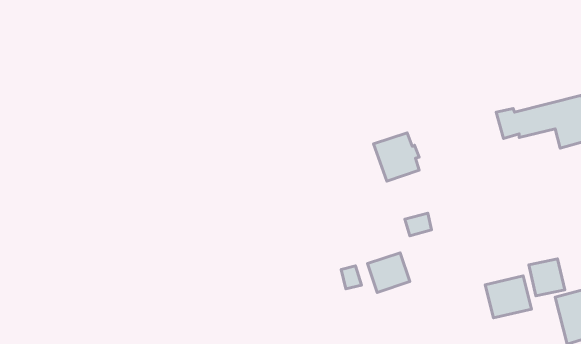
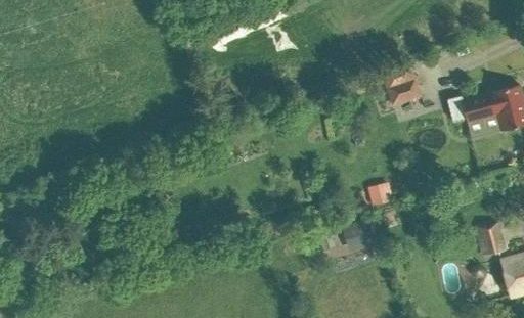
building: [374,133,419,181] -> [382,65,421,106]
building: [485,276,532,318] -> none

